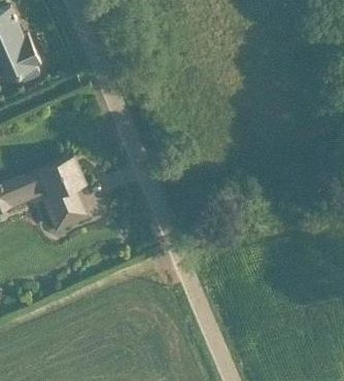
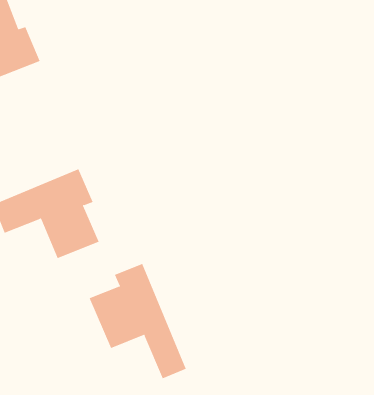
building: none -> [89,263,187,379]

